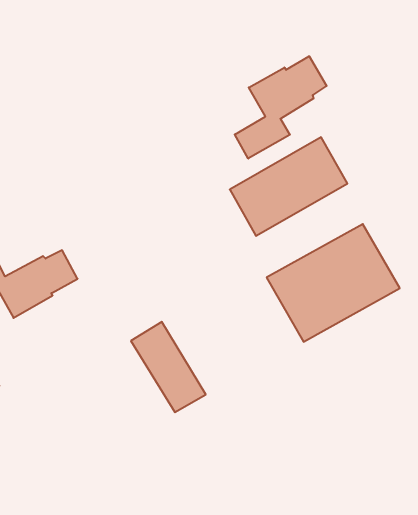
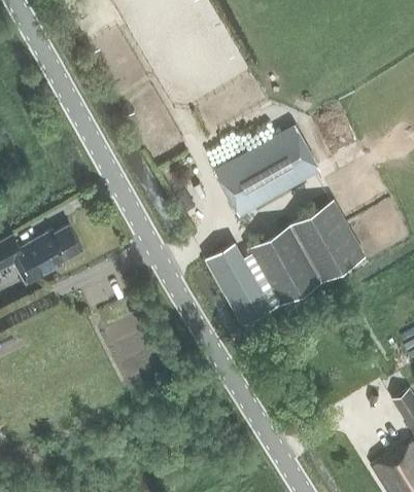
building: [235,56,327,159] -> none
building: [131,322,206,412] -> [209,246,274,324]

